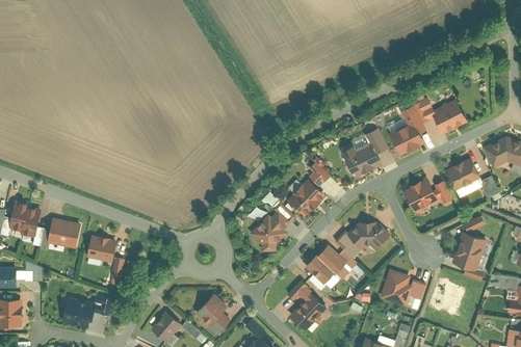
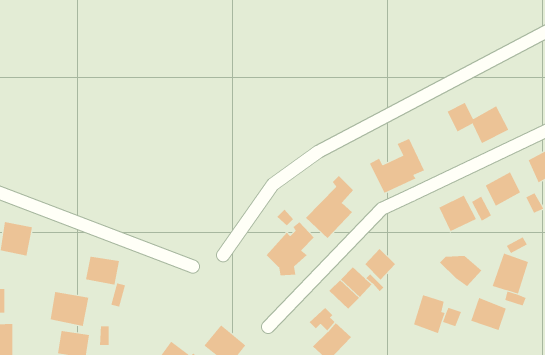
building: [388,105,426,156] -> none
building: [47,217,82,248] -> [50,292,89,326]
building: [351,221,390,249] -> [439,255,482,287]
building: none -> [471,297,507,331]

